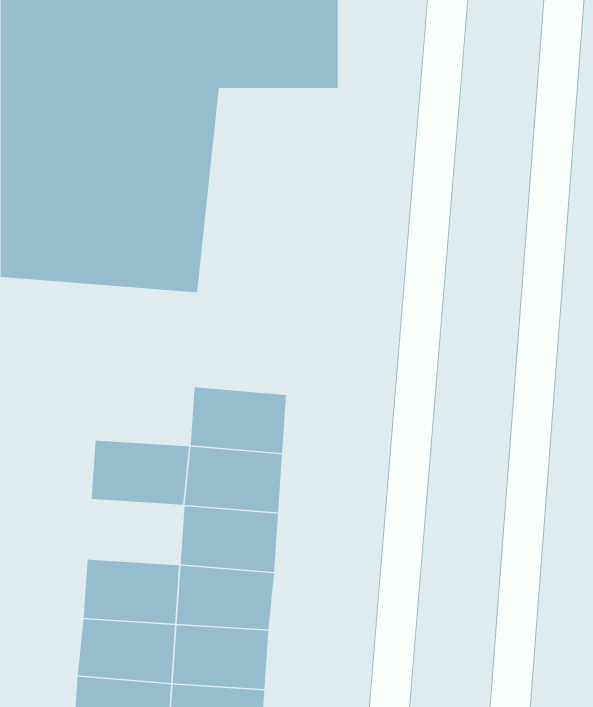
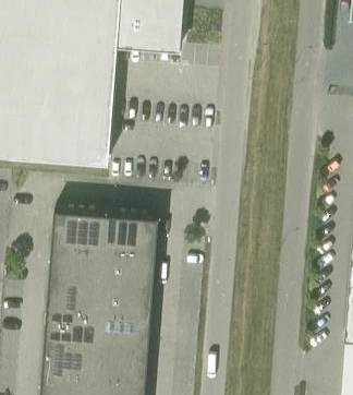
building: none -> [52,213,107,249]
building: none -> [48,278,101,314]

